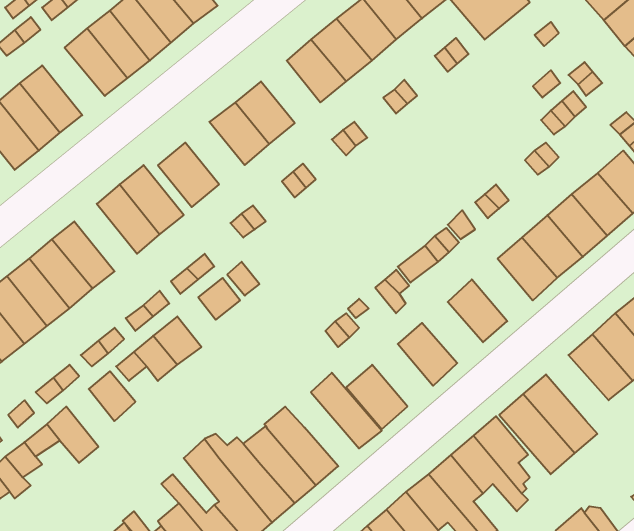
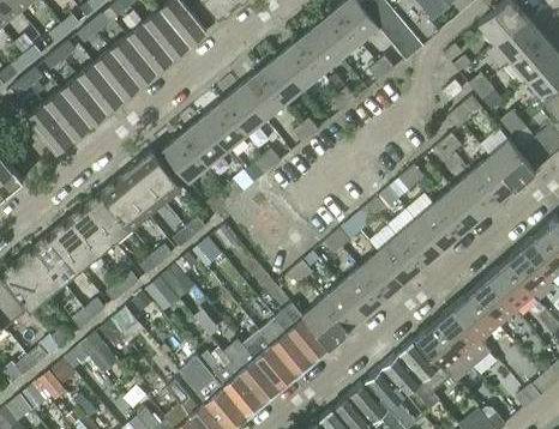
building: none -> [77,64,124,114]
building: none -> [240,73,284,120]
building: none -> [184,119,228,165]
building: none -> [101,180,148,230]
building: none -> [397,220,443,267]
building: none -> [360,253,405,298]
building: none -> [323,284,368,331]
building: none -> [452,292,499,342]
building: none -> [260,320,313,375]

